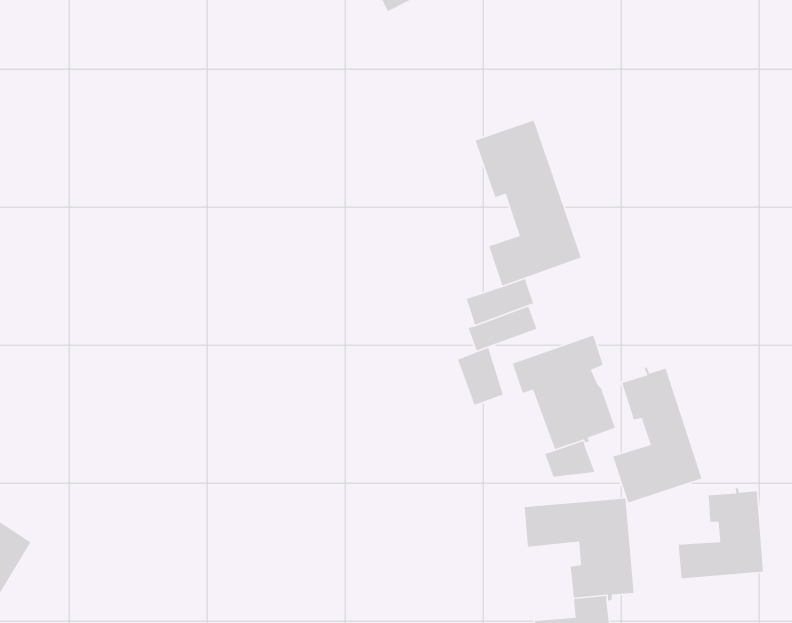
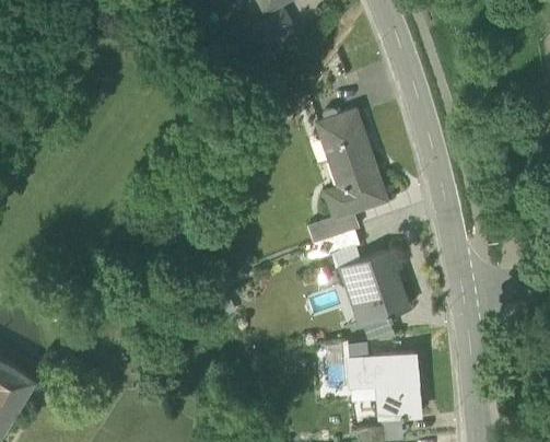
building: [457,347,504,406] -> none
building: [612,367,703,504] -> none
building: [678,487,764,579] -> none

